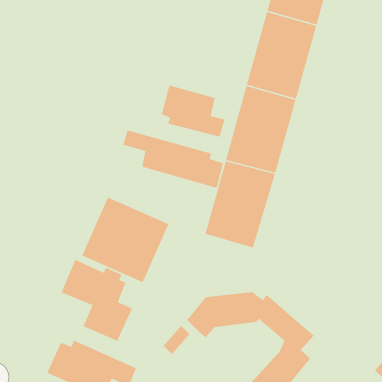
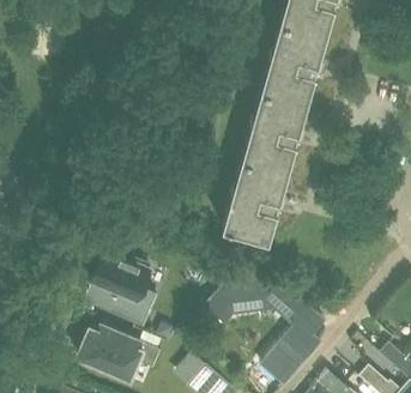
building: [161,85,226,137] -> none
building: [122,130,224,189] -> none
building: [81,196,170,283] -> none

